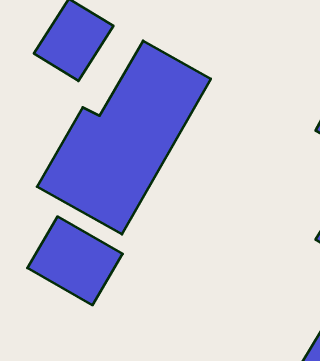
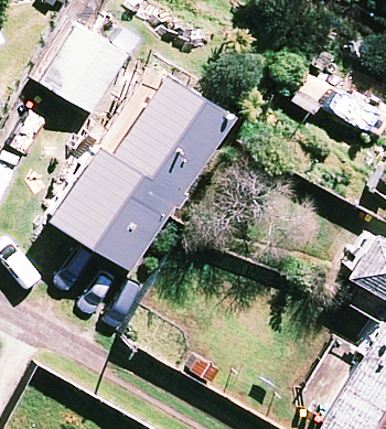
building: [27,217,123,305] -> none

